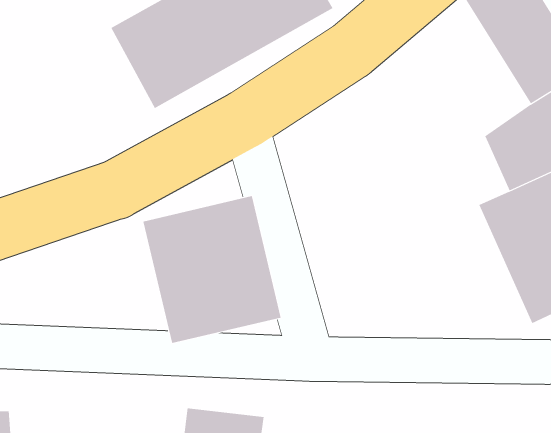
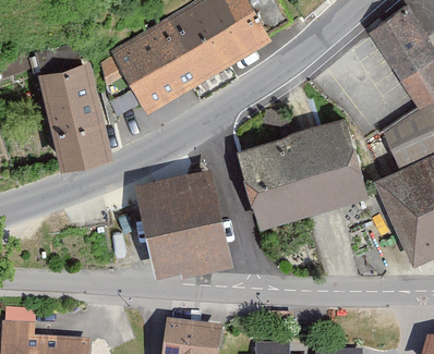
building: none -> [38,61,111,166]
building: none -> [240,120,365,220]

